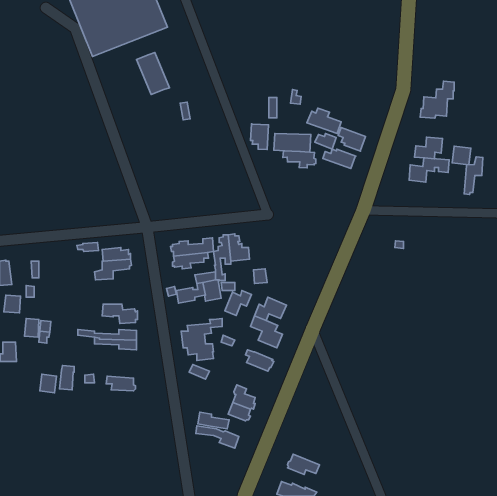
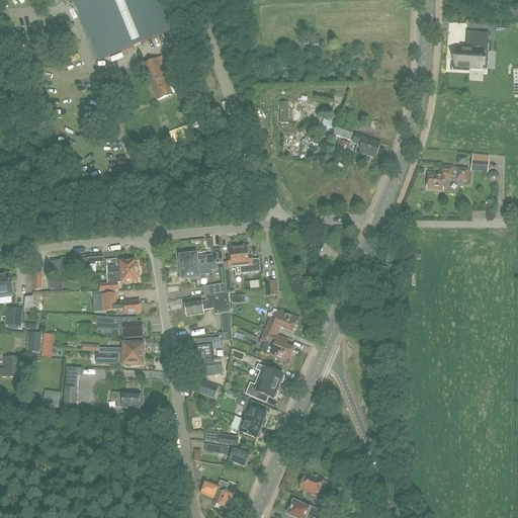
building: [420,81,454,118] -> [452,30,488,69]
building: [250,124,269,150] -> none
building: [415,137,442,159] -> none
building: [323,149,356,169] -> none
building: [283,151,316,168] -> none
building: [464,157,483,195] -> none
building: none -> [100,291,140,312]
building: [225,290,252,315] -> none
building: none -> [244,376,278,402]
building: none -> [199,480,234,507]

